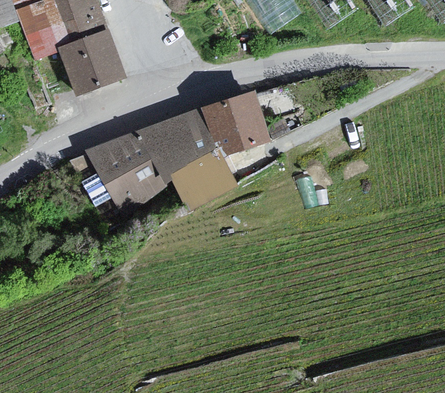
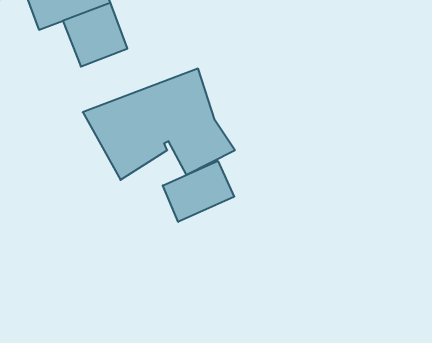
building: [200,87,268,156] -> none
building: none -> [163,161,234,222]

